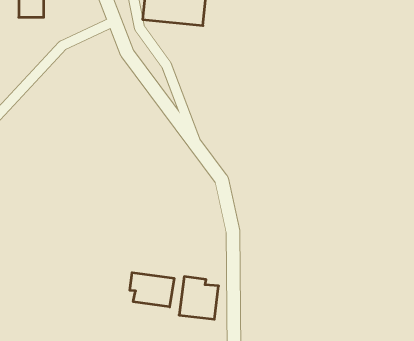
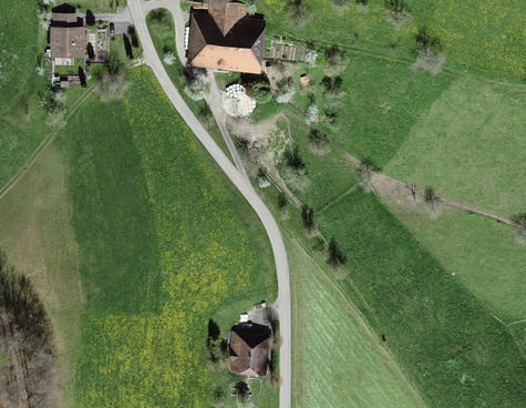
building: [130,273,174,307] -> none

